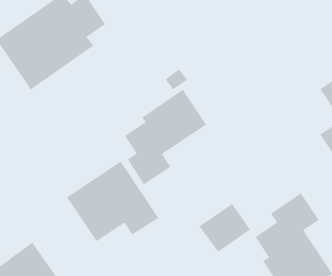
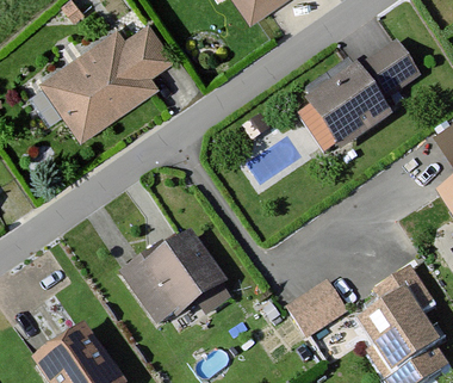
building: none -> [305,37,424,150]
building: [124,89,207,185] -> none

